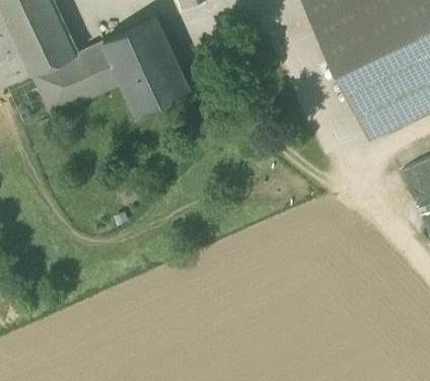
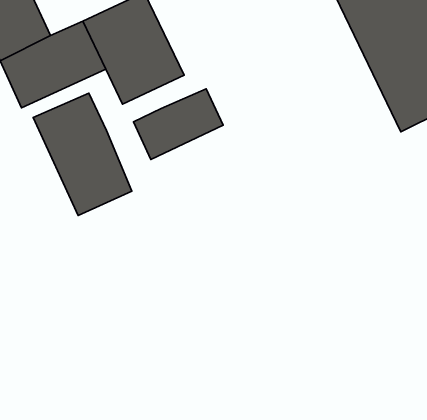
building: none -> [134,89,223,160]
building: none -> [33,93,132,216]

